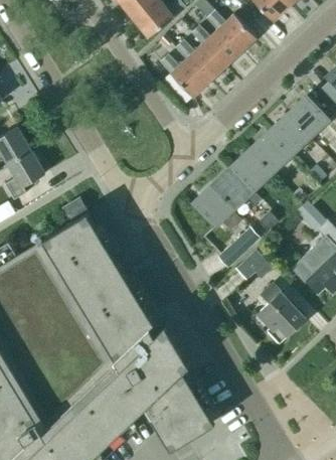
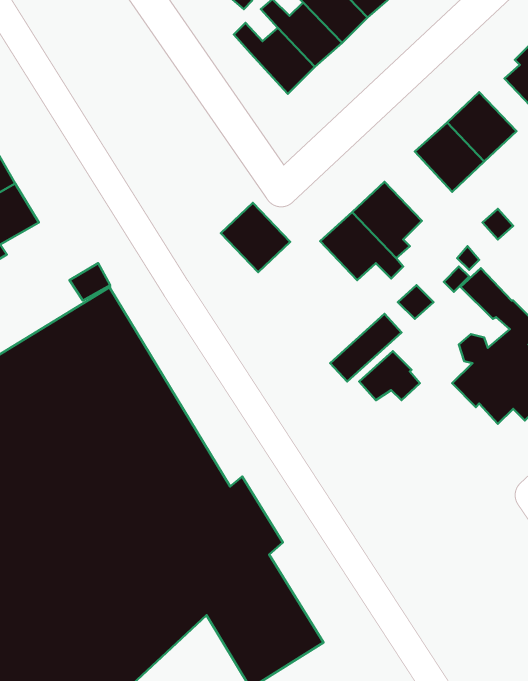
building: [249,132,290,173] -> none
building: [192,185,233,226] -> [221,203,290,272]
building: [257,284,304,343] -> none

